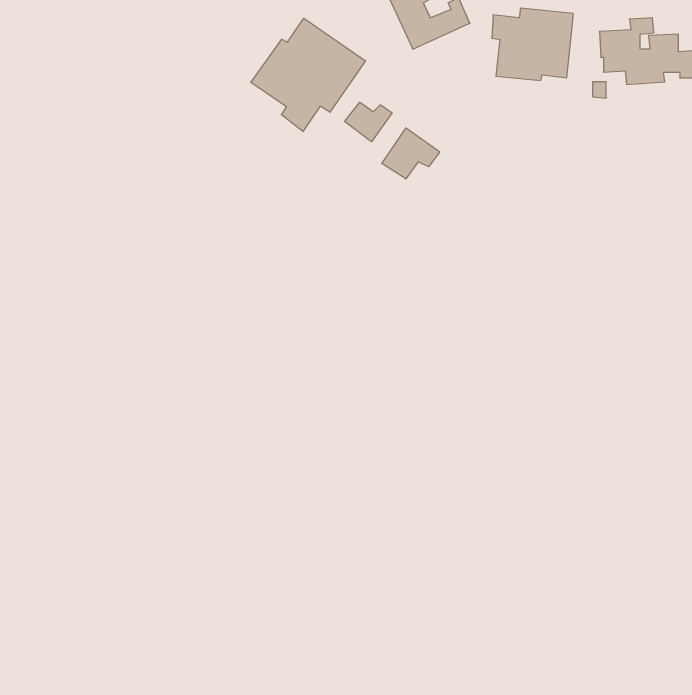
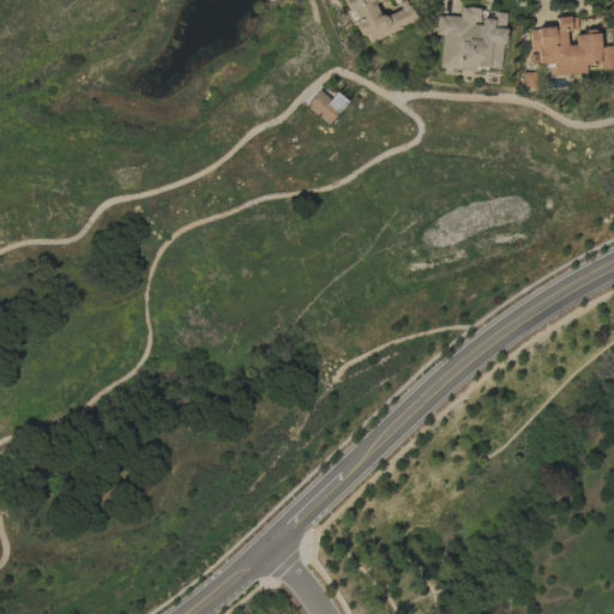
building: [251,18,366,131] -> none
building: [382,128,440,179] -> none

